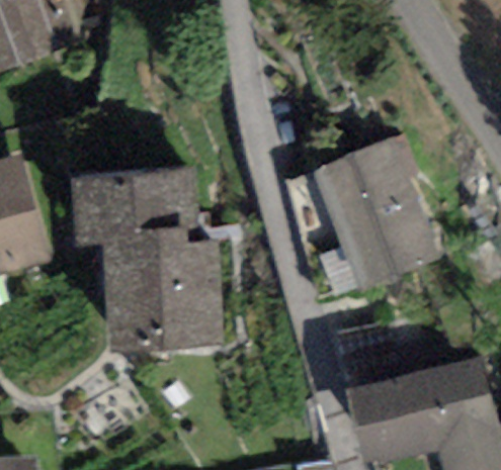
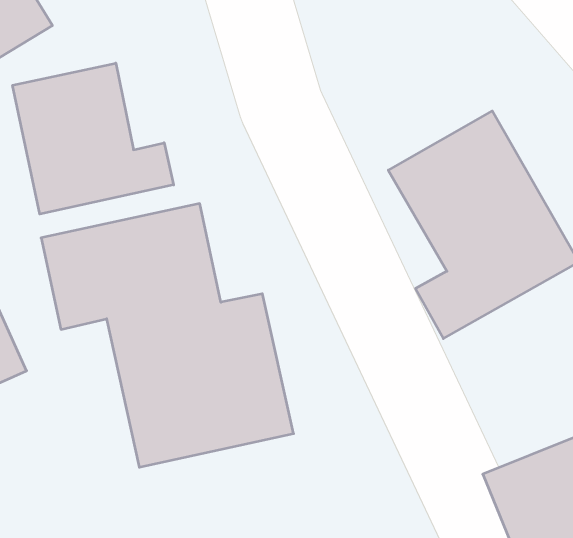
building: none -> [13,63,174,214]

